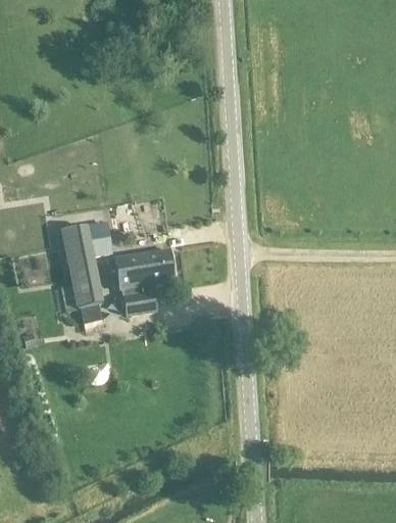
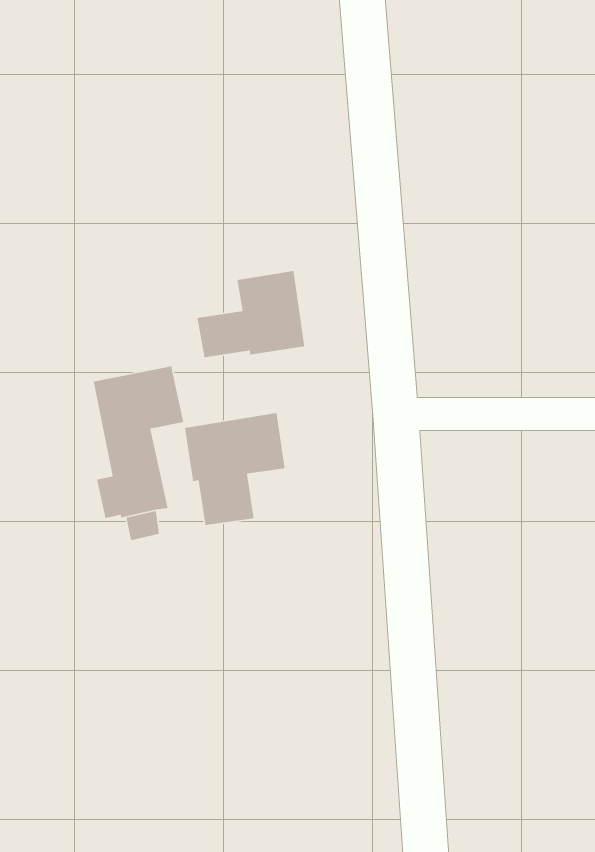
building: none -> [197,270,305,358]

